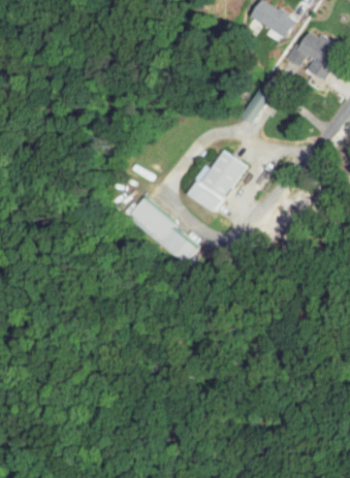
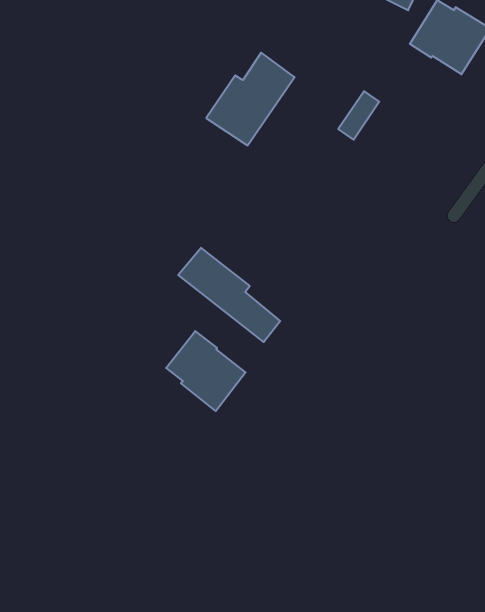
building: [185,150,245,213] -> [206,53,295,145]
building: none -> [166,331,246,411]

